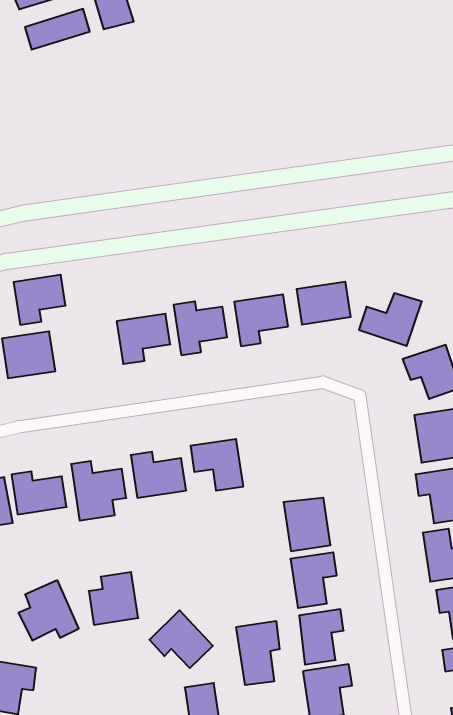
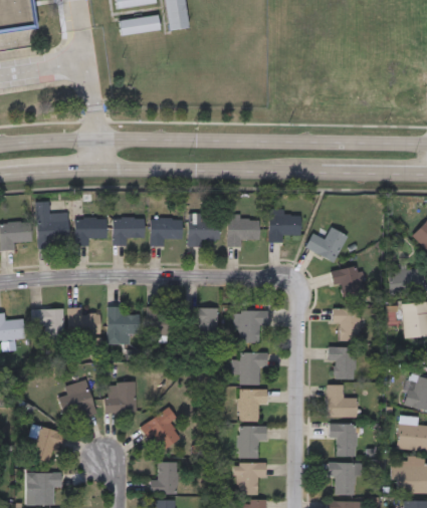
building: [14,275,66,325] -> [113,218,144,246]
building: none -> [232,310,267,341]
building: [236,621,280,685] -> none

